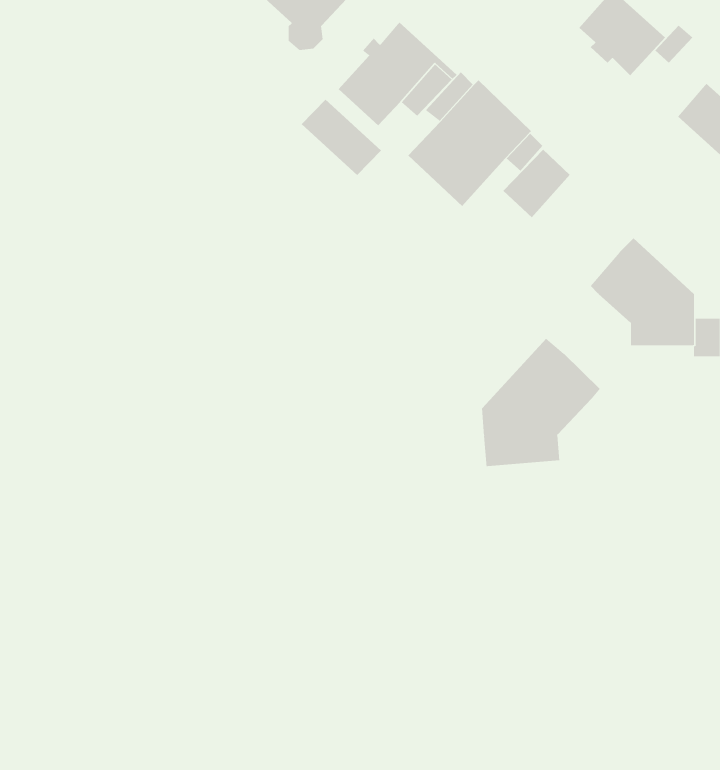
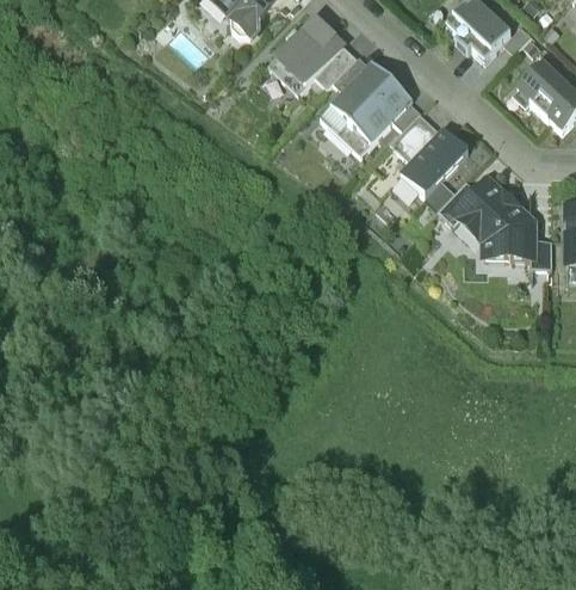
building: [301,99,382,176] -> none
building: none -> [407,127,467,196]
building: none -> [436,179,476,226]
building: [481,338,600,467] -> none

